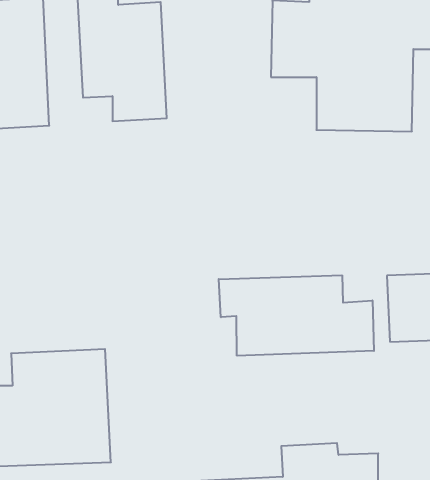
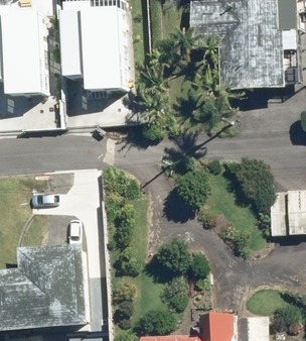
building: [219,275,374,356] -> none

